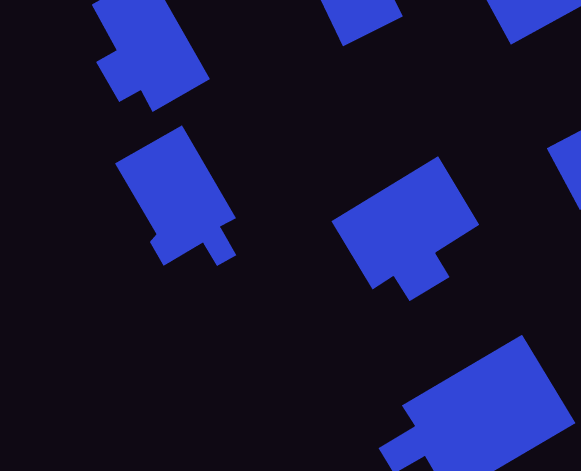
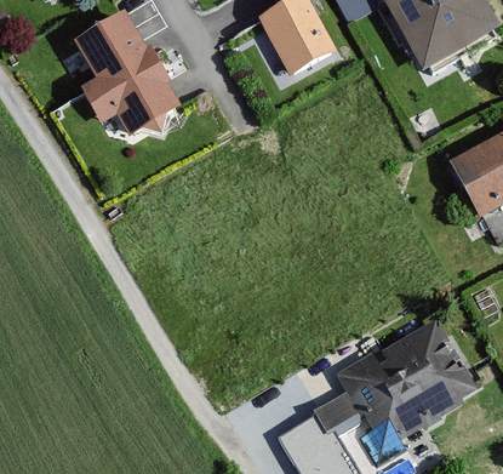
building: [114,125,237,267] -> none
building: [330,155,480,302] -> none

